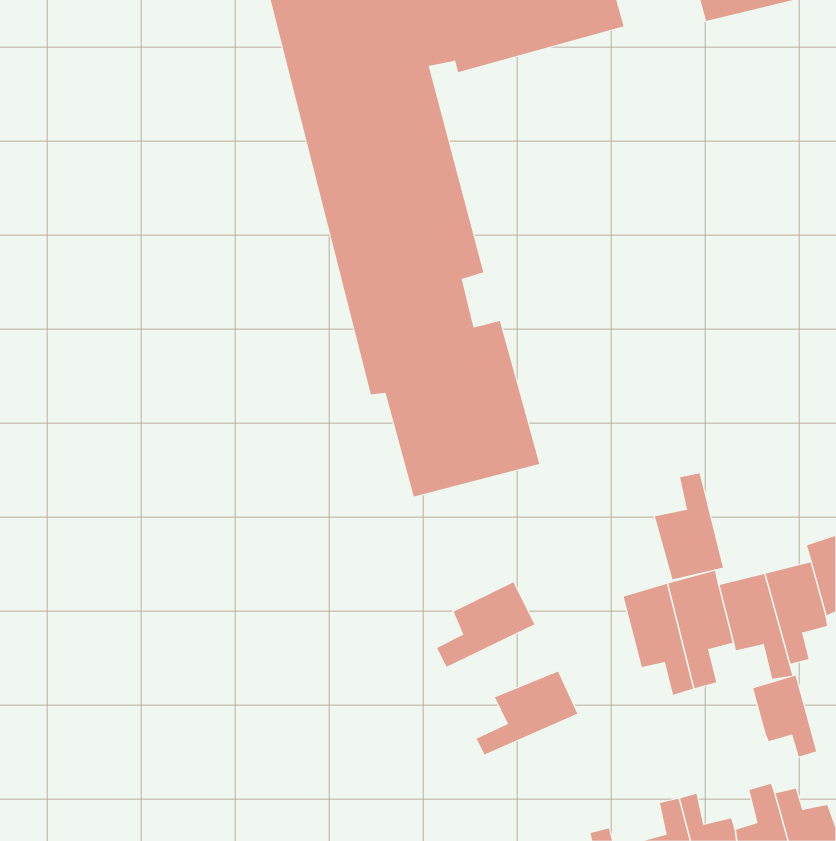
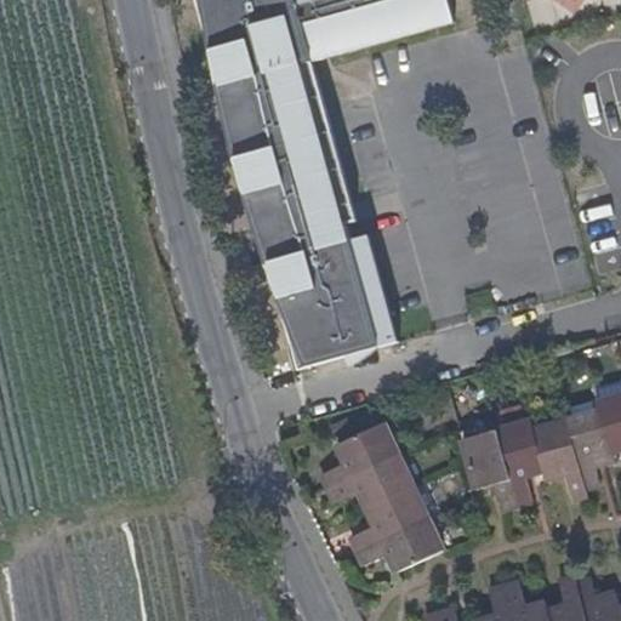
building: [654,473,724,580] -> none
building: none -> [327,458,410,512]
building: [753,675,817,757] -> none
building: none -> [355,524,440,575]

